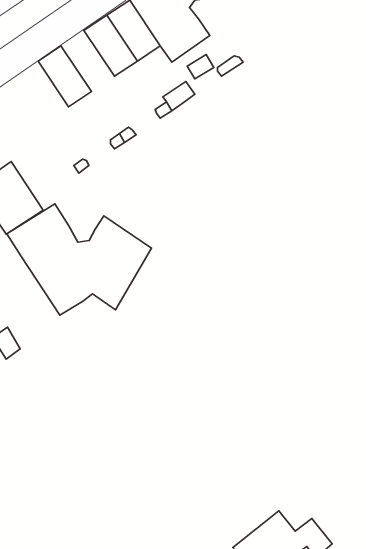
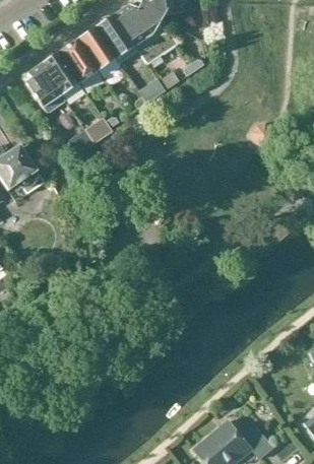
building: none -> [59,38,102,86]
building: none -> [23,62,65,112]
building: [7,204,152,315] -> none

